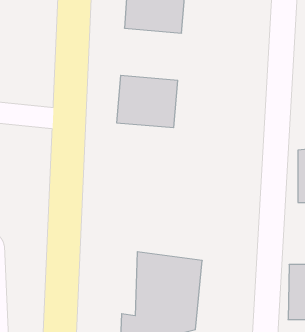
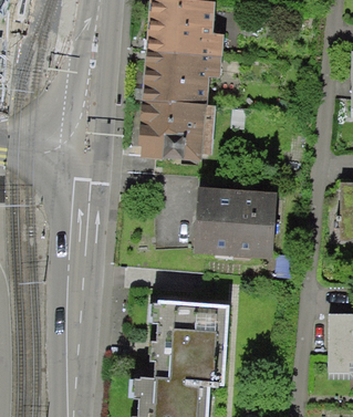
building: none -> [139,48,208,106]
building: none -> [194,194,277,258]

